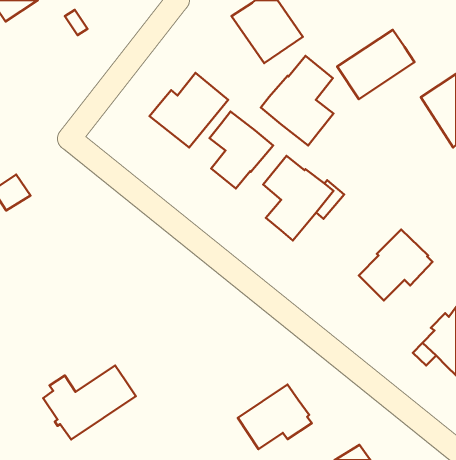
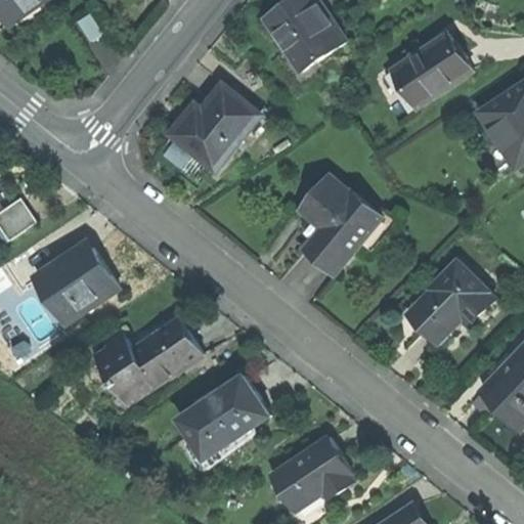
building: [261,56,334,145] -> none
building: [209,111,273,188] -> none
building: none -> [31,242,114,322]
building: none -> [178,375,269,458]
building: [43,366,136,439] -> [95,319,201,403]

